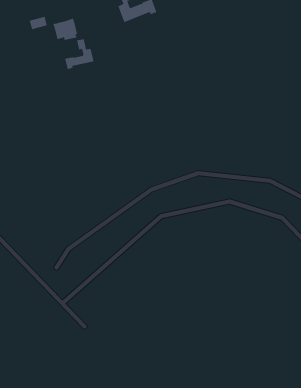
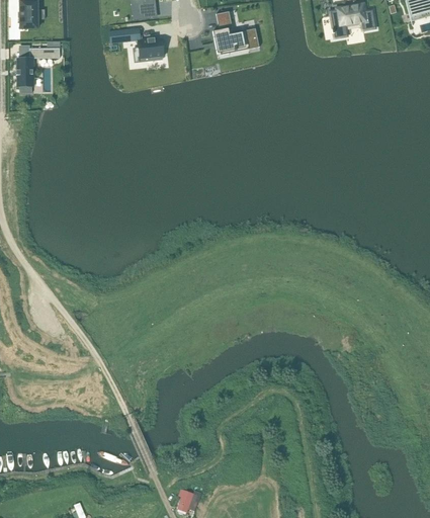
building: [65,39,94,70] -> none

